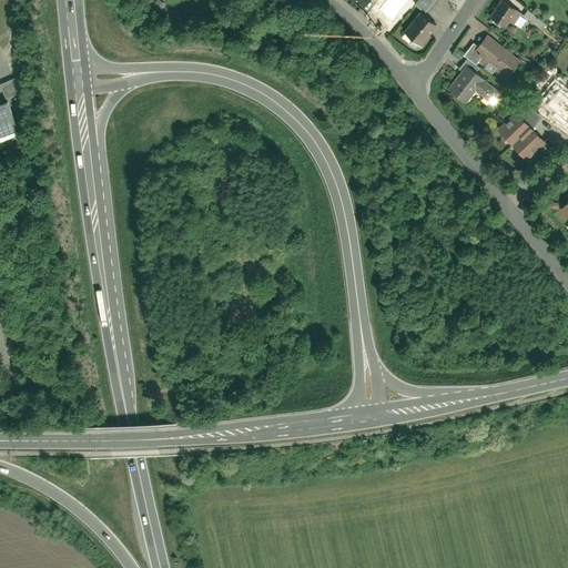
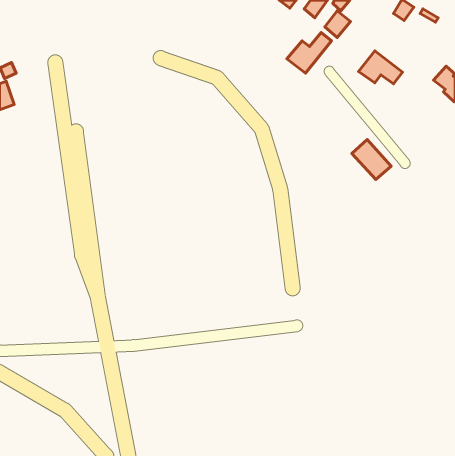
building: [473,36,521,82] -> none
building: none -> [287,33,331,73]
building: [496,111,545,161] -> [352,139,391,180]

